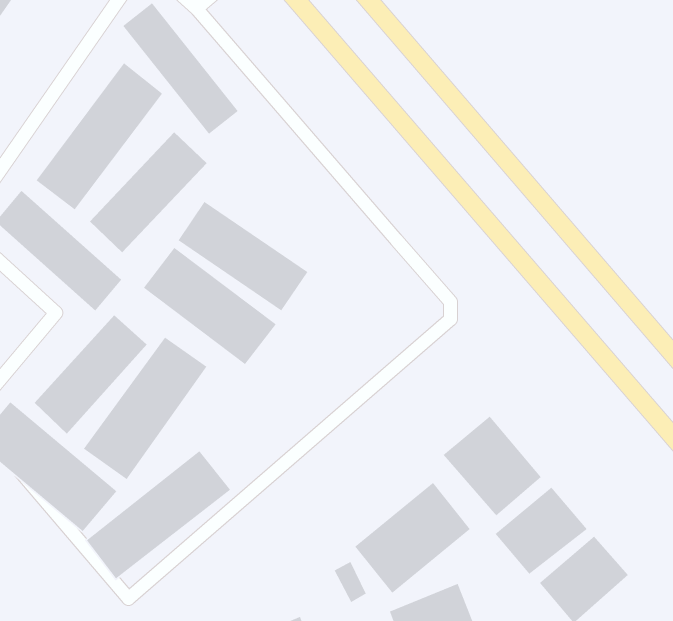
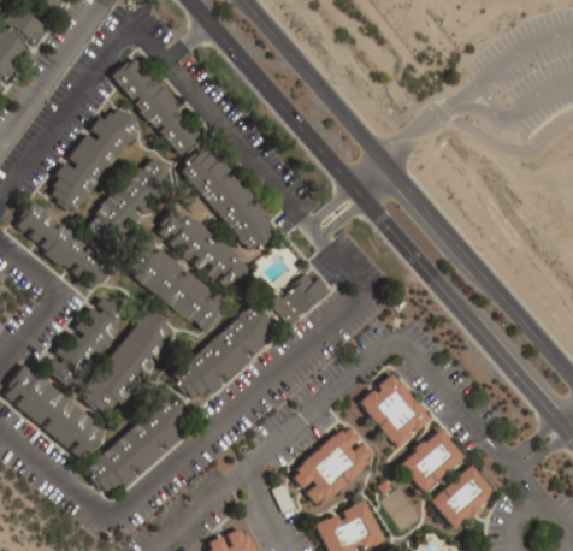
building: none -> [181,149,279,255]
building: none -> [271,274,333,327]
building: none -> [172,303,279,404]

